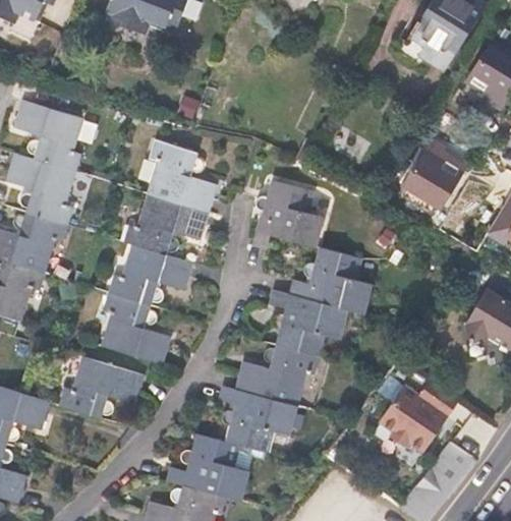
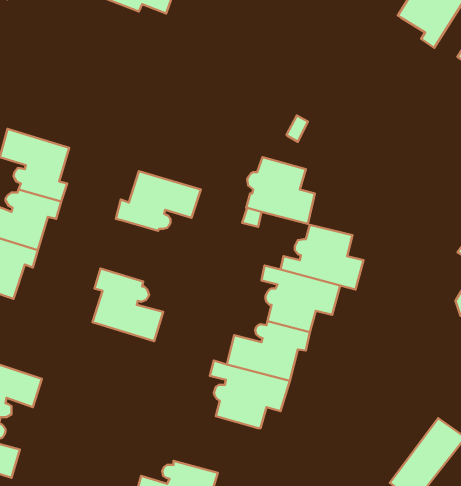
building: [14,98,86,171] -> none
building: [405,137,463,202] -> none
building: [147,140,217,213] -> none
building: [108,244,193,305] -> none
building: [58,357,143,418] -> none
building: [379,360,458,452] -> none
building: [165,433,267,502] -> none

